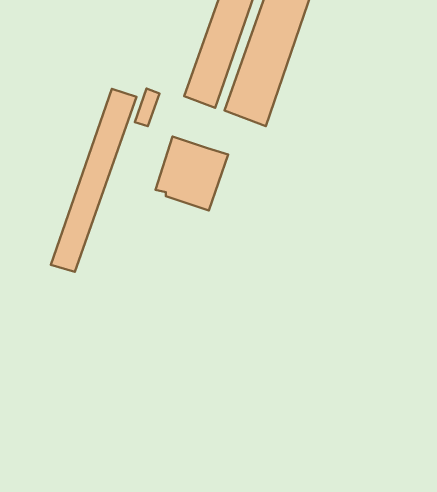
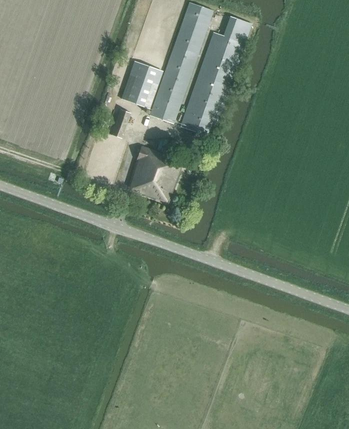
building: none -> [121,60,162,108]
building: [51,89,136,272] -> none

